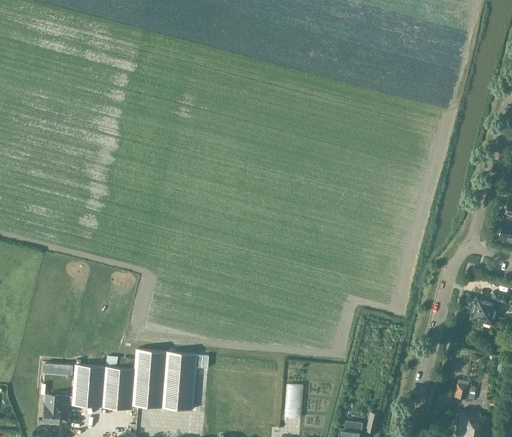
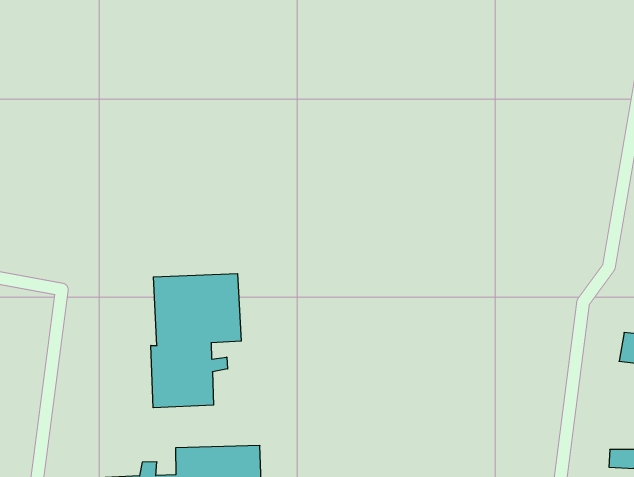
building: none -> [151,274,241,408]

